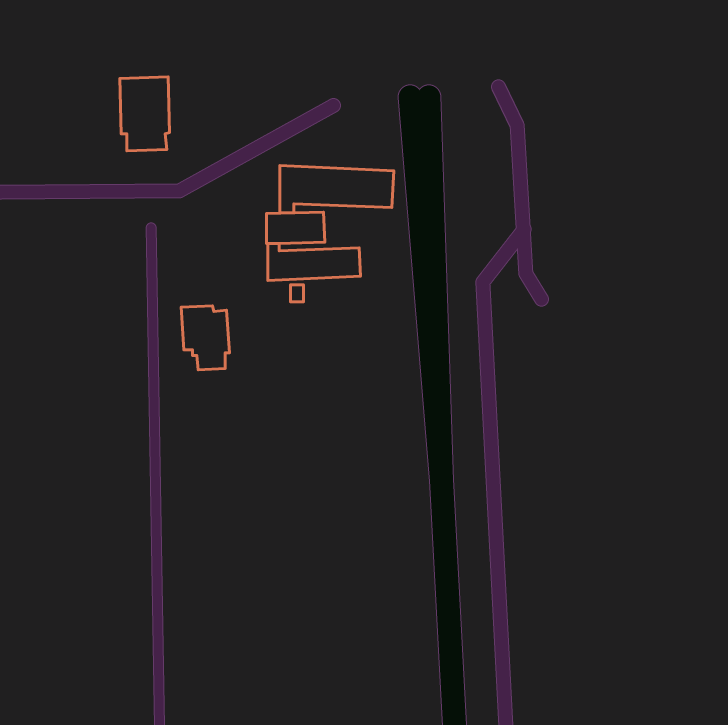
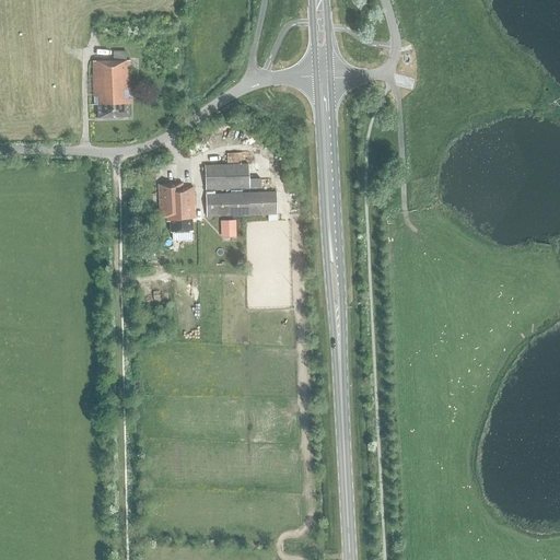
building: [280,165,394,213] -> none
building: [181,306,229,370] -> [158,182,195,231]

